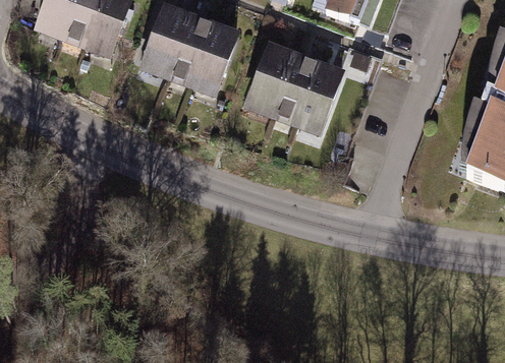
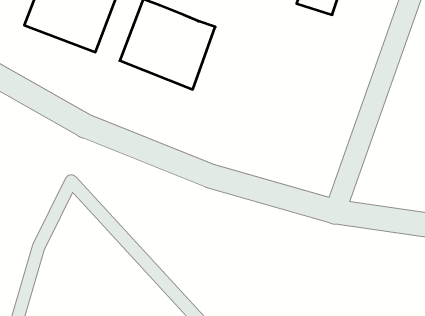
building: [242,40,345,137] -> none

